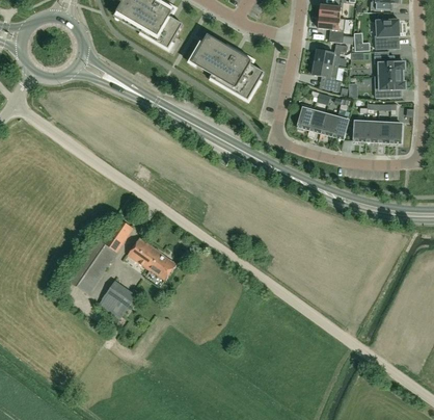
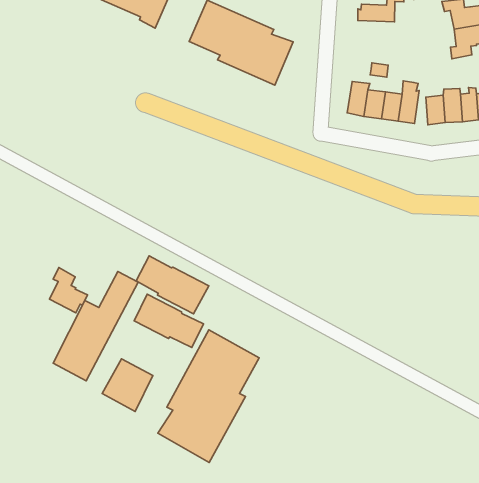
building: [310,61,341,91] -> none
building: none -> [136,256,209,314]
building: none -> [50,267,87,313]
building: none -> [158,330,259,462]

